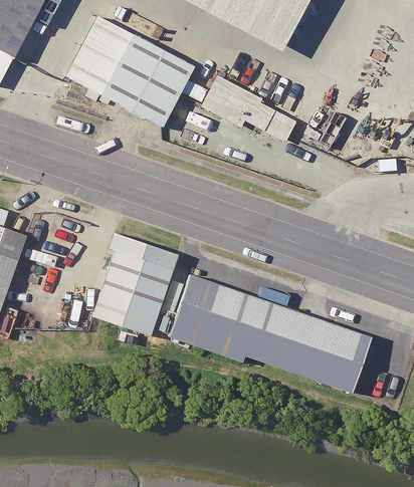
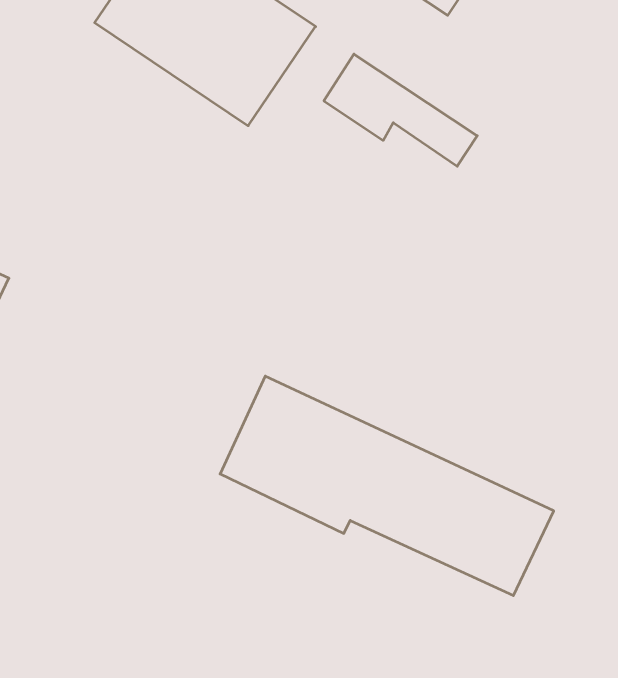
building: [76,233,174,338] -> none

